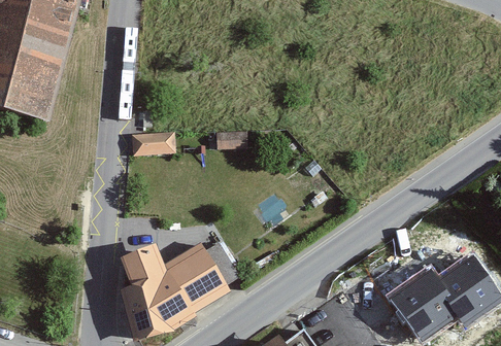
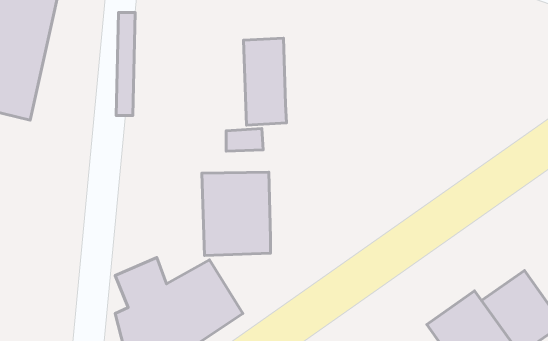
building: none -> [244,38,286,125]
building: [132,131,175,154] -> none
building: none -> [202,172,271,256]

